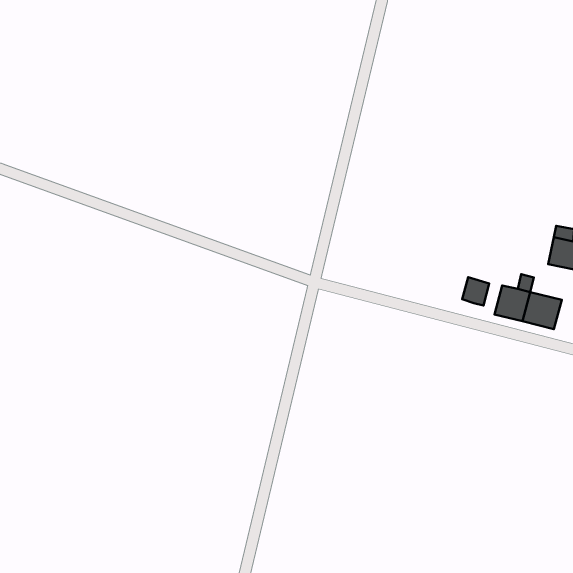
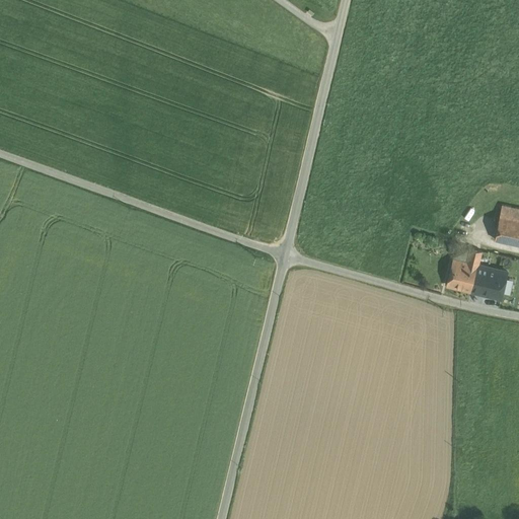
building: [462,277,489,306] -> none

